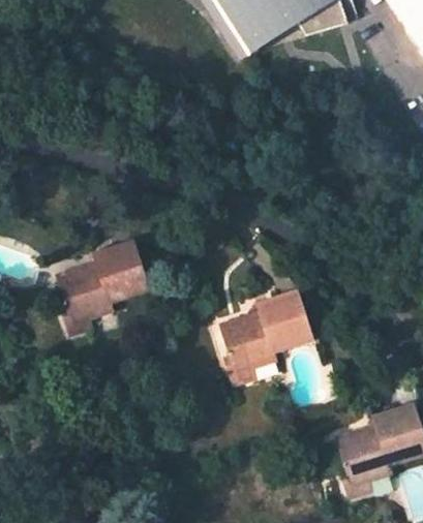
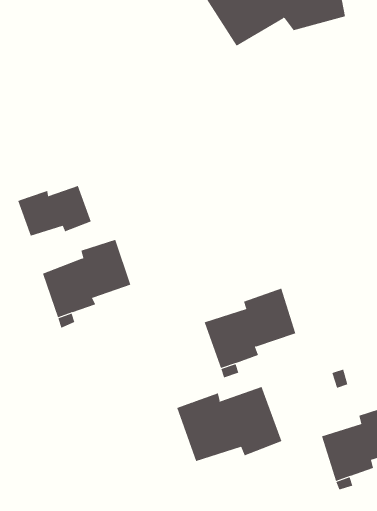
building: none -> [18,185,92,237]
building: none -> [176,386,282,462]

